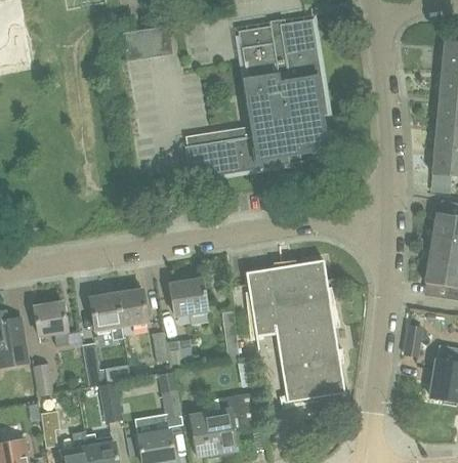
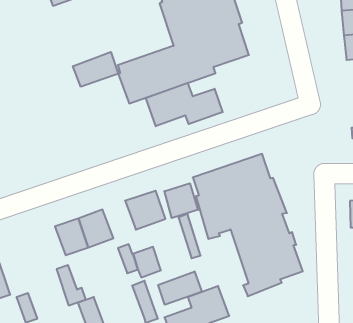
building: none -> [73,52,118,87]
building: none -> [146,83,223,126]
building: none -> [164,183,198,218]
building: [33,301,70,345] -> none
building: none -> [158,271,202,305]

